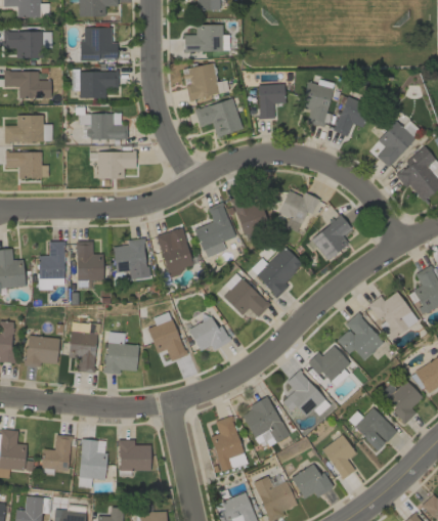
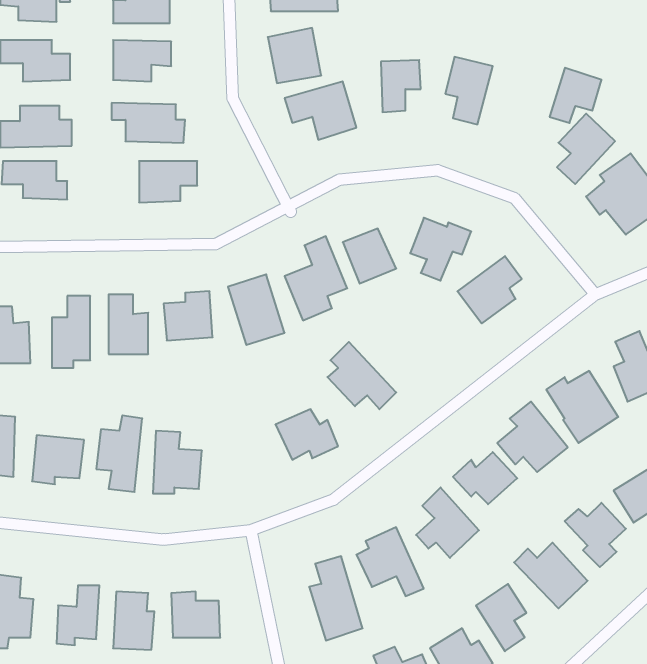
building: [335,98,369,135] -> [550,68,602,123]
building: [251,247,303,297] -> none
building: [147,318,186,360] -> none

